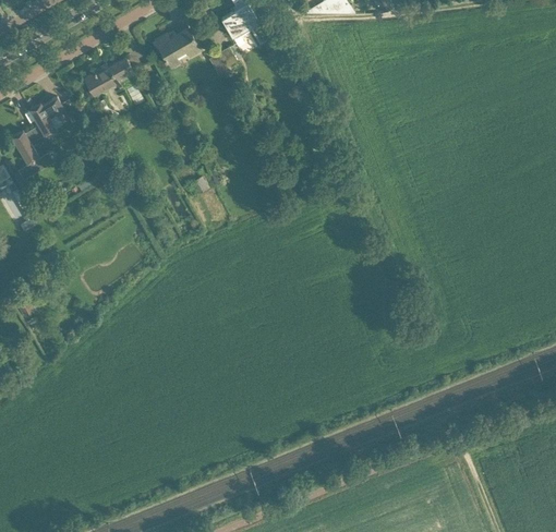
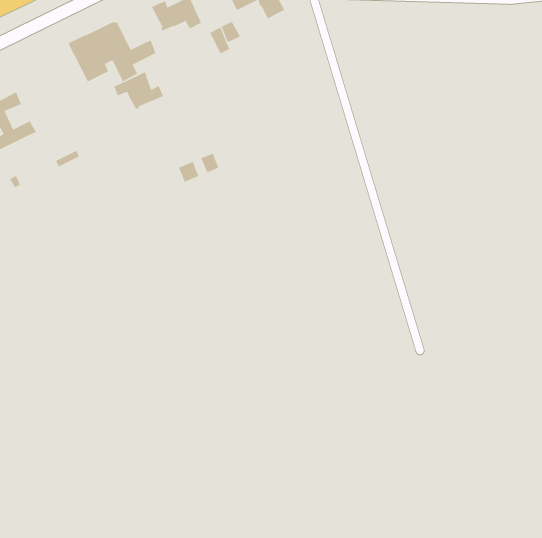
building: [29,97,62,135] -> none
building: none -> [114,71,164,109]

